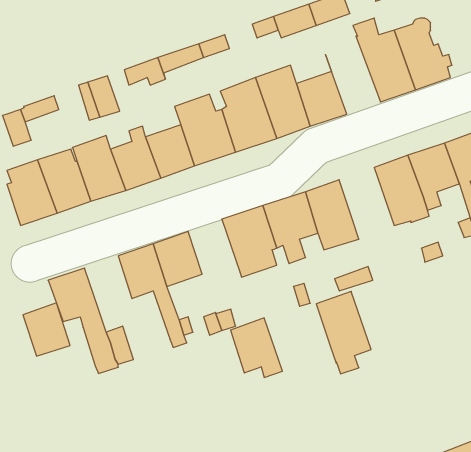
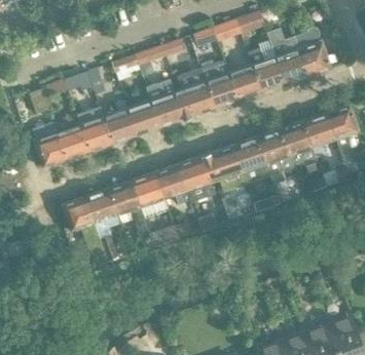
building: none -> [248,40,285,92]
building: [316,291,371,374] -> [257,128,294,184]
building: [23,303,70,356] -> [85,188,117,224]
building: [231,318,282,377] -> [155,163,190,203]

